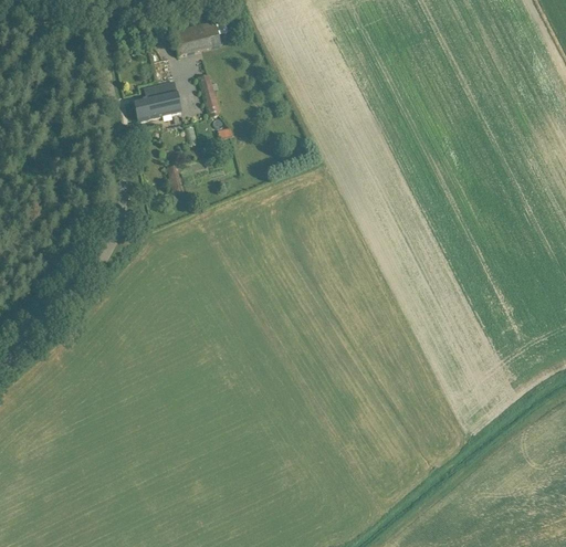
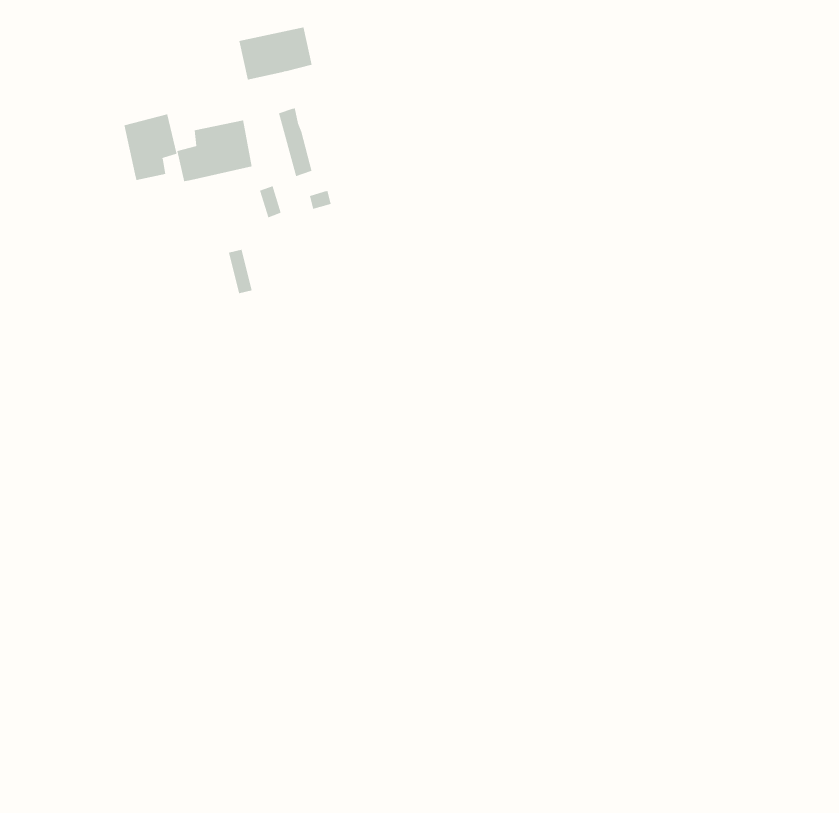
building: none -> [124,114,177,181]

